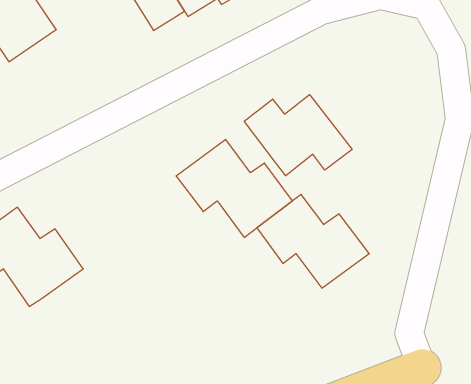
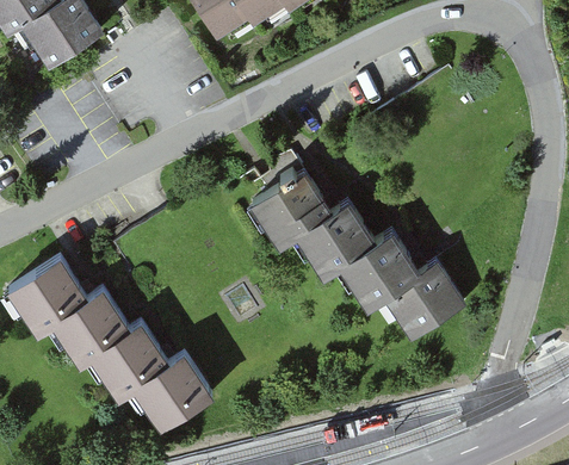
building: [244,95,352,176] -> none
building: none -> [91,304,217,418]

